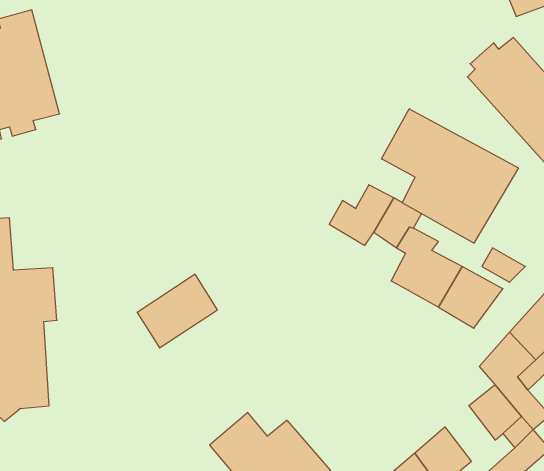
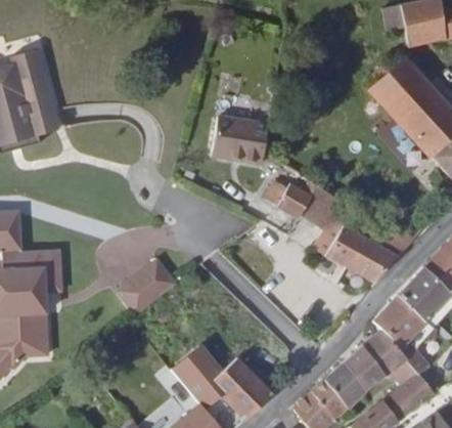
building: none -> [197,117,266,167]
building: [381,109,518,243] -> none
building: none -> [355,348,394,391]

